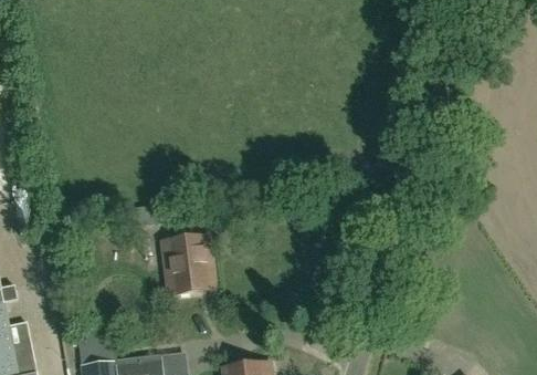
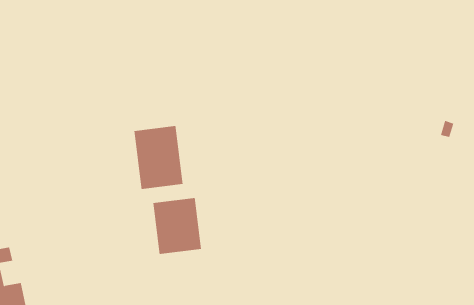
building: none -> [134,125,183,190]

